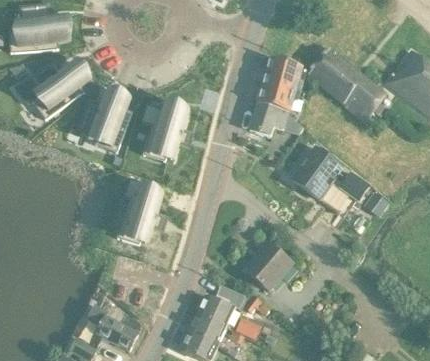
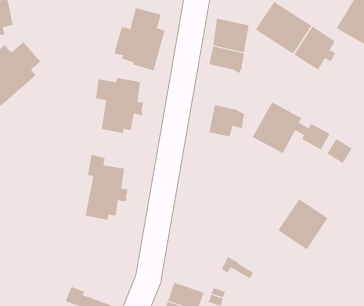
building: [78,88,132,153] -> [113,8,165,71]
building: [248,102,286,136] -> [208,104,245,137]
building: [241,240,293,292] -> [277,198,329,250]
building: [196,287,244,327] -> none

